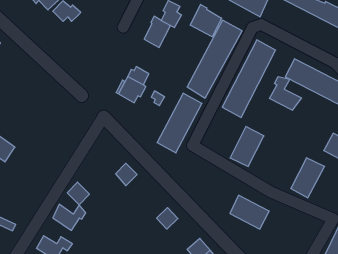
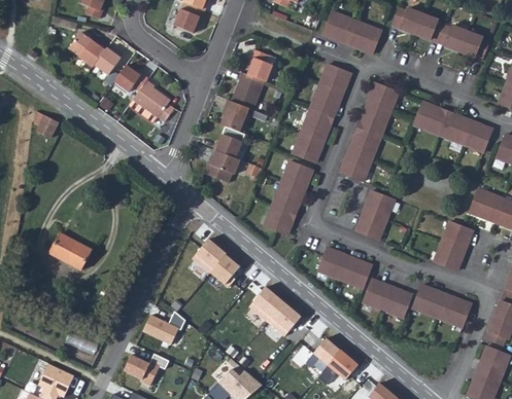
building: [190,4,222,37] -> none
building: none -> [132,77,172,118]
building: none -> [223,97,246,130]
building: [269,77,302,110] -> none
building: none -> [314,247,368,288]
building: [67,182,89,205] -> [198,241,226,268]
building: none -> [254,290,283,318]
building: none -> [411,287,469,327]

